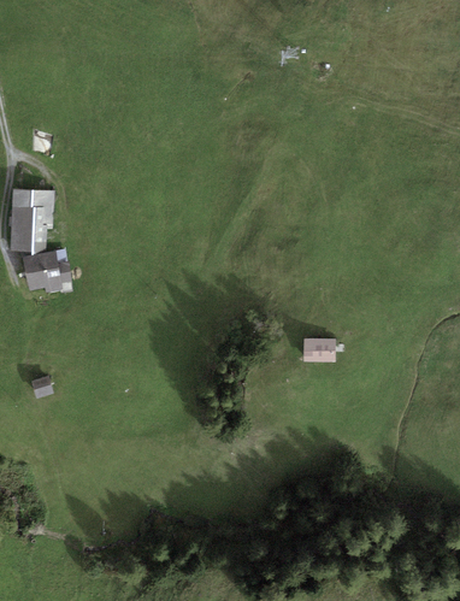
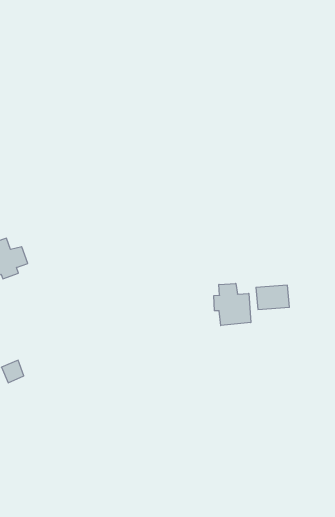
building: none -> [214,283,251,326]

